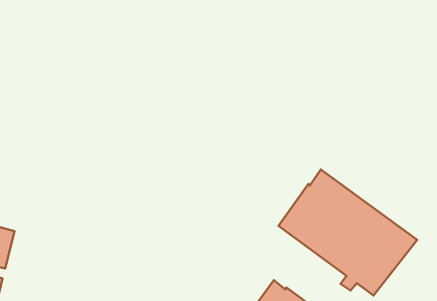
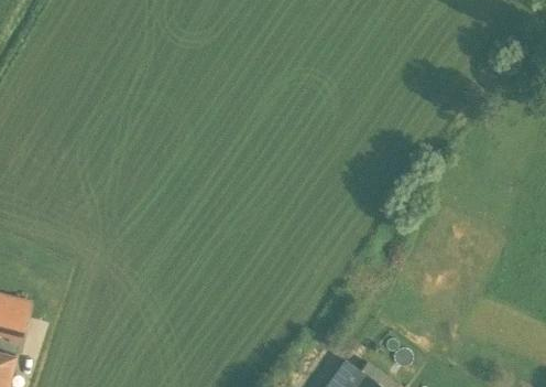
building: [278,170,417,295] -> none

